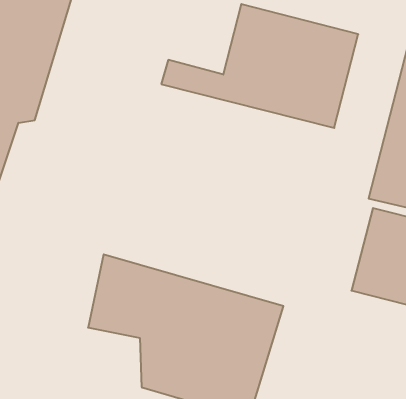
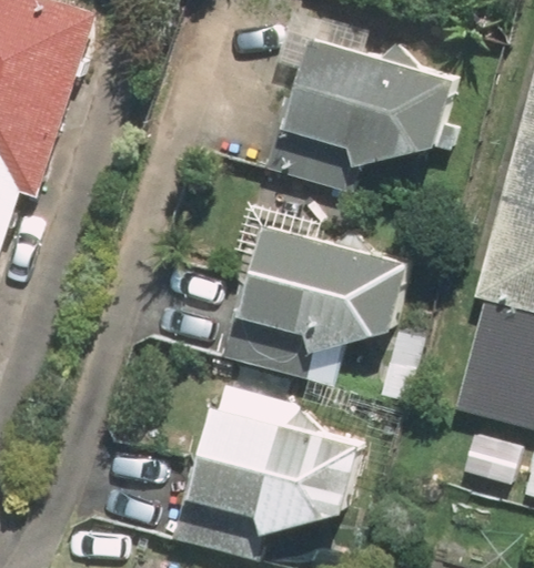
building: none -> [161,222,404,386]

